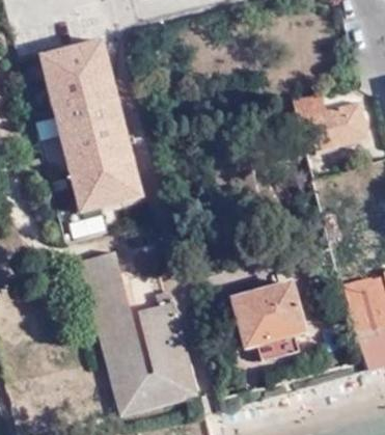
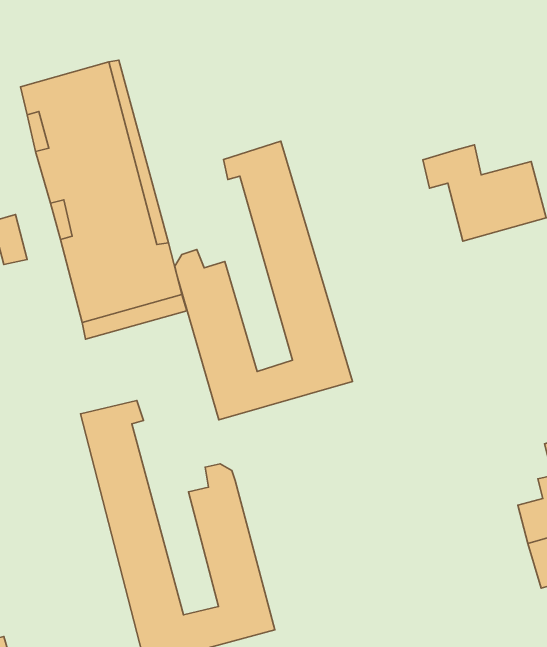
building: none -> [175,141,352,420]
building: [110,264,164,385] -> none
building: [229,281,303,360] -> none

